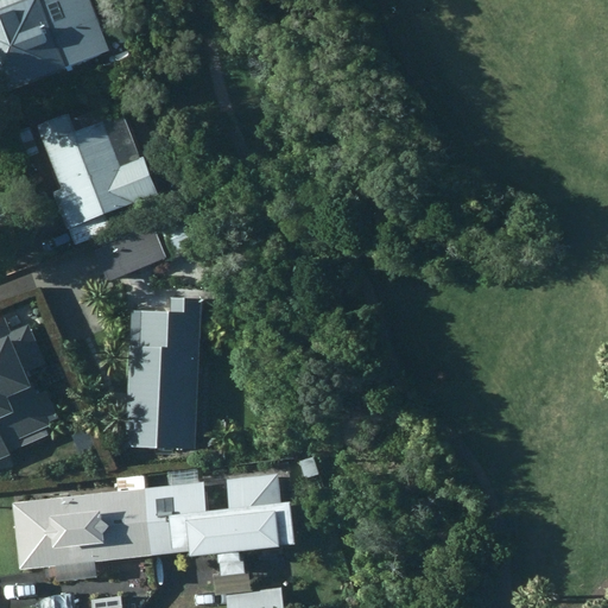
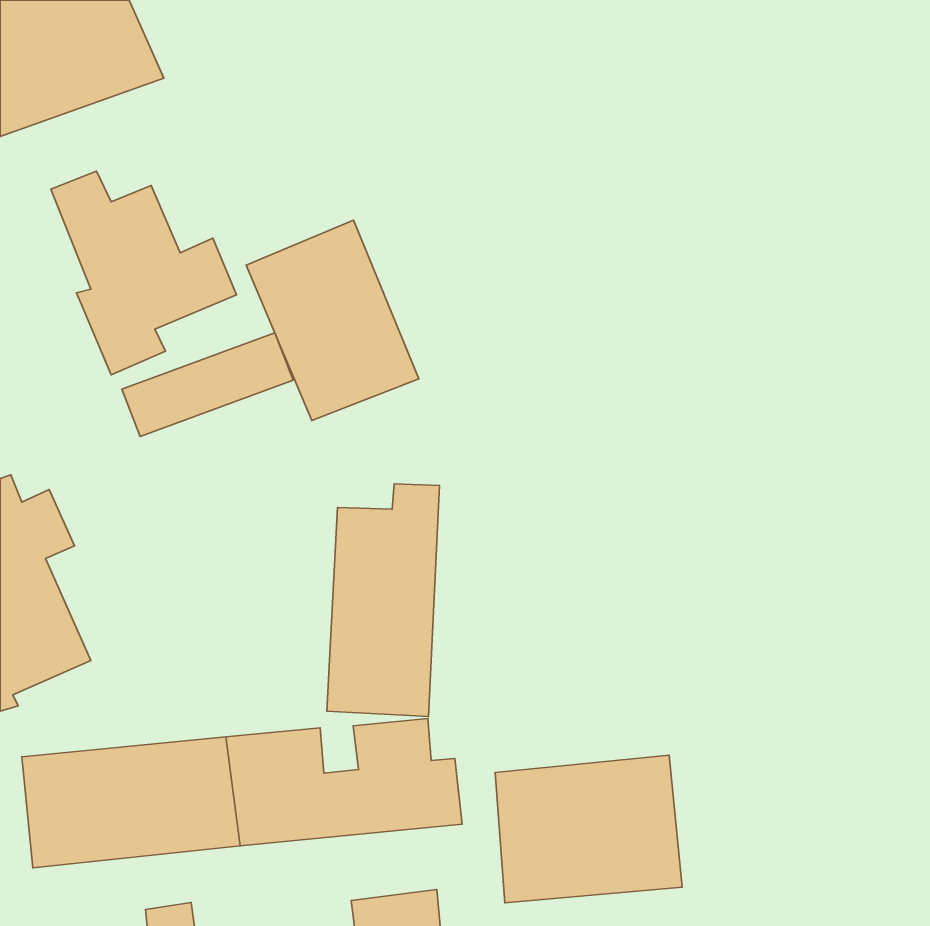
building: none -> [246,220,419,421]
building: [124,298,197,450] -> [327,484,440,717]
building: none -> [495,755,682,903]

